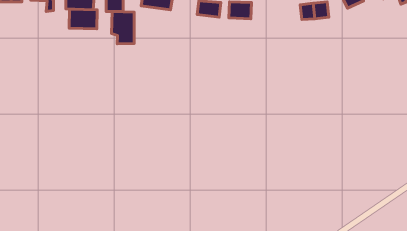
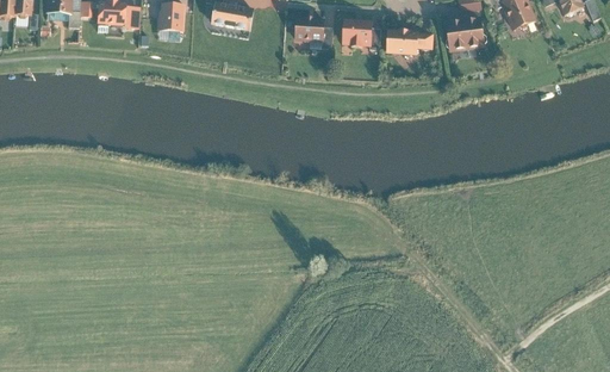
building: none -> [386,29,434,50]
building: [69,9,97,29] -> none
building: [111,11,134,44] -> none

